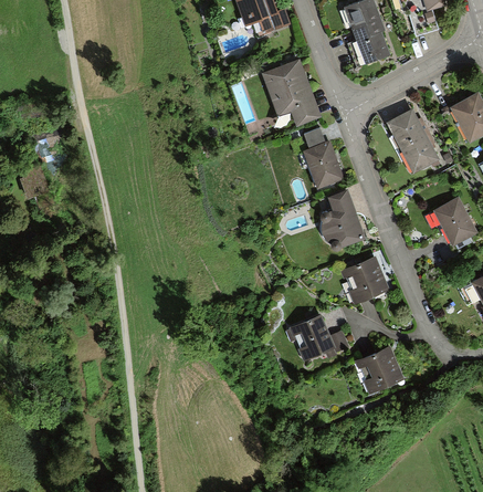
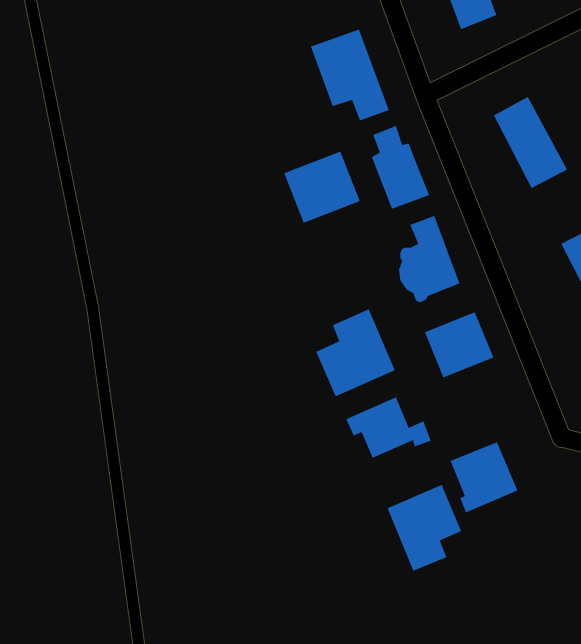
building: none -> [283,151,361,224]
building: none -> [315,308,396,397]
building: none -> [386,484,462,572]

